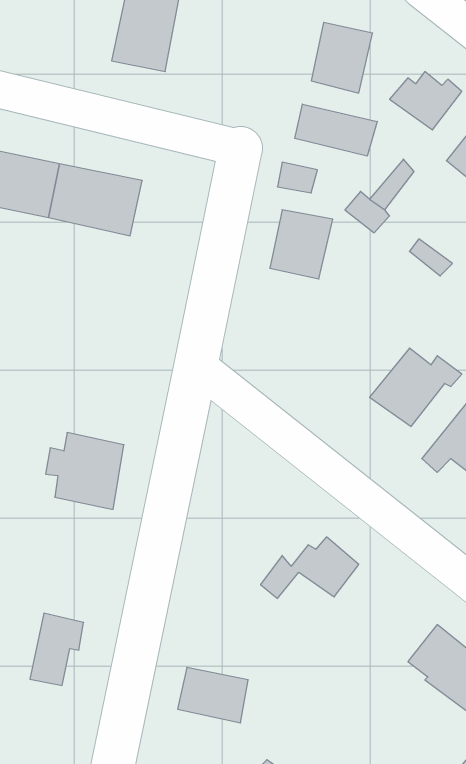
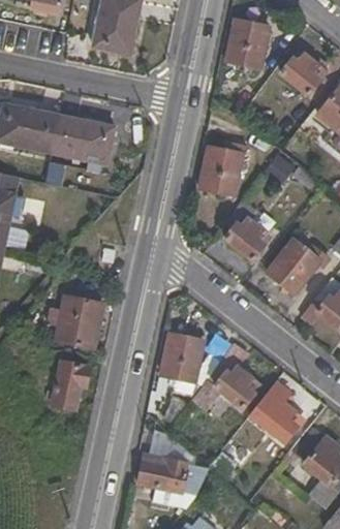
building: [295,104,377,156] -> none
building: none -> [224,220,266,259]
building: none -> [162,334,203,380]
building: none -> [258,381,303,440]
building: [30,613,84,685] -> [52,361,88,409]

